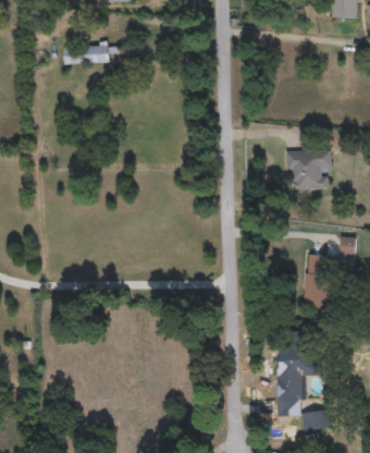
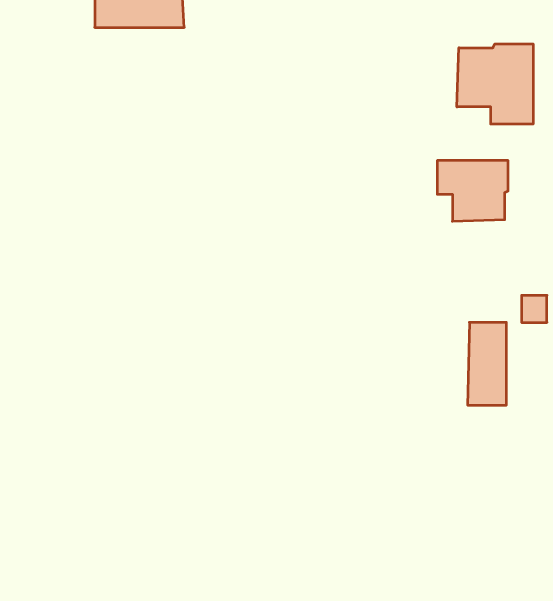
building: none -> [457,44,533,124]
building: [275,358,328,430] -> none

